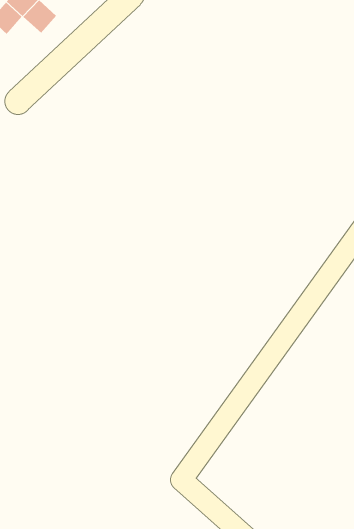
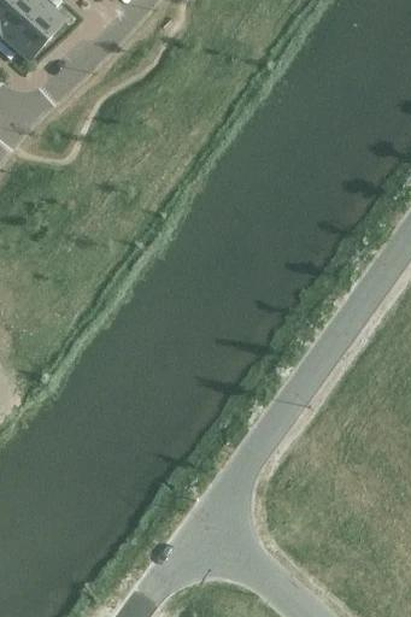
building: none -> [10,22,47,59]

